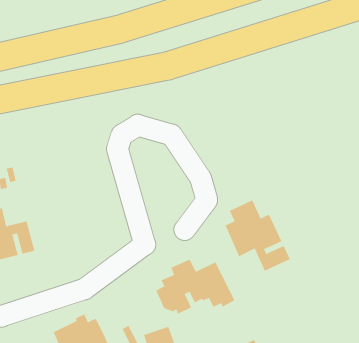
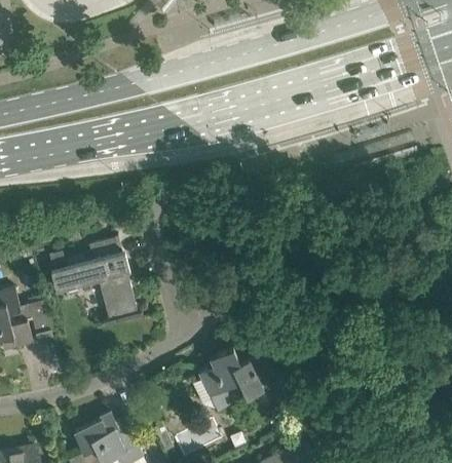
building: none -> [49,235,142,324]
building: [225,200,290,271] -> none

